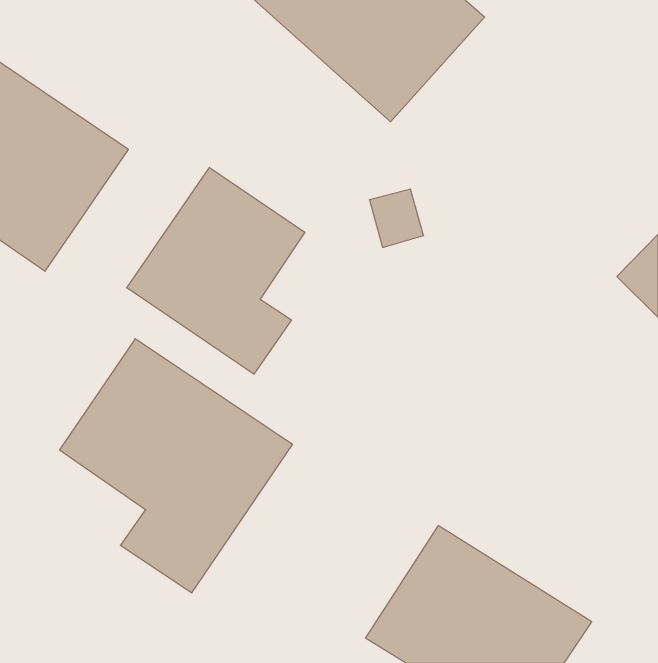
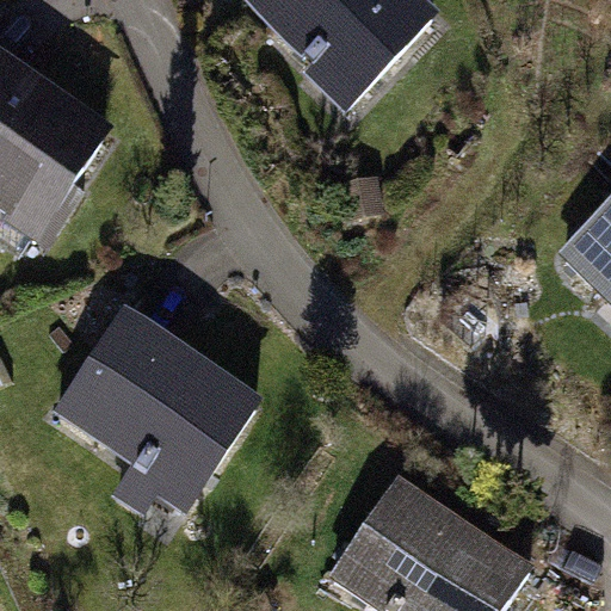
building: [127,167,305,374] -> none

